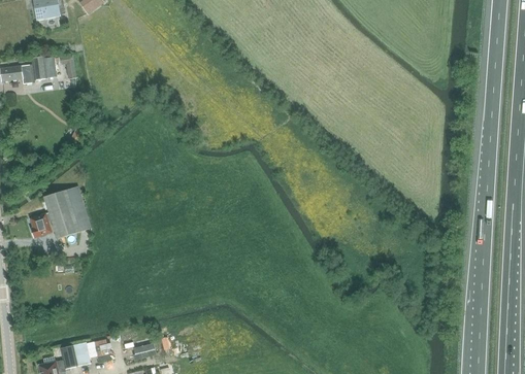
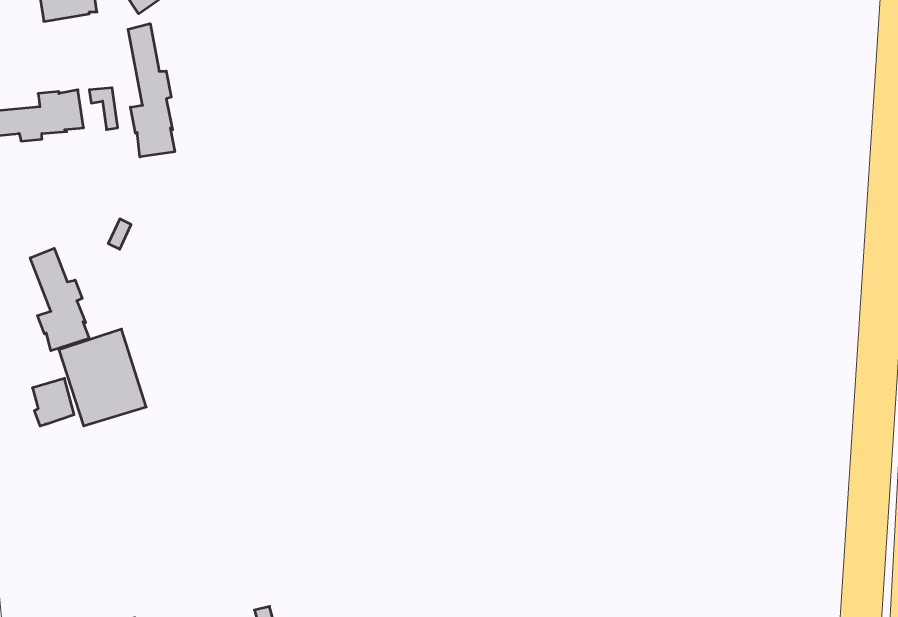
building: none -> [128,24,175,157]
building: none -> [30,248,89,351]

